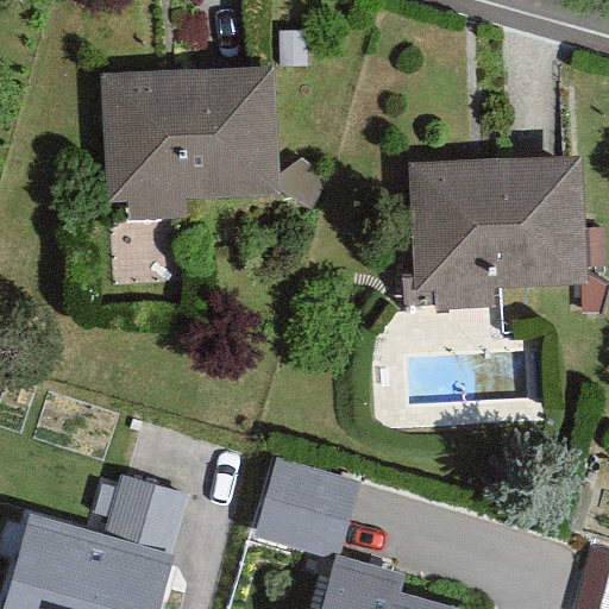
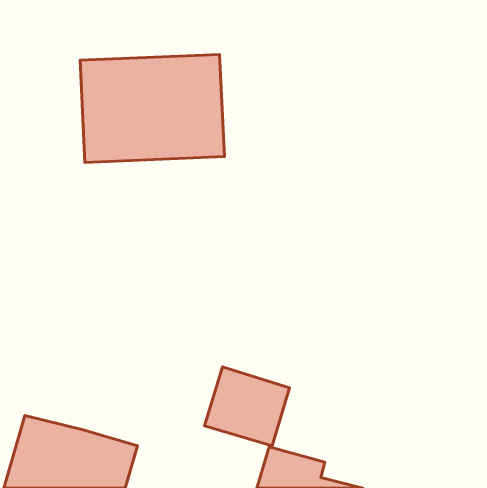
building: [408,156,586,293] -> none
building: [103,475,189,555] -> none

